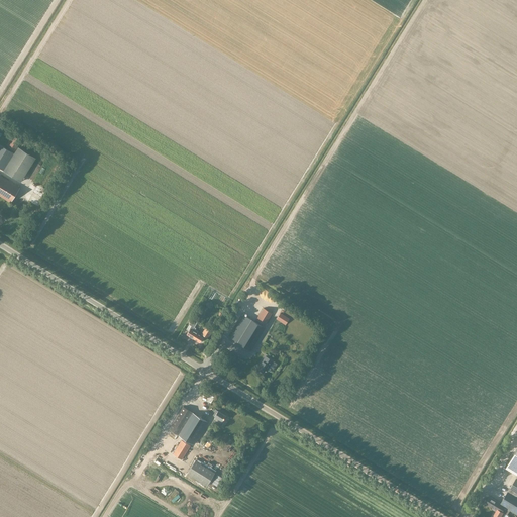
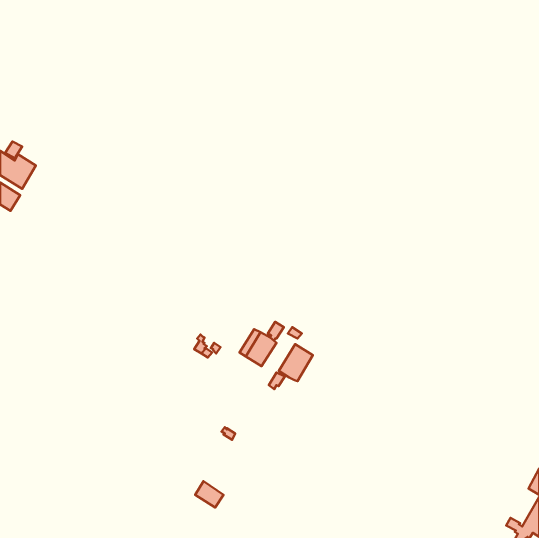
building: none -> [279,344,313,381]
building: [169,407,207,460] -> none

